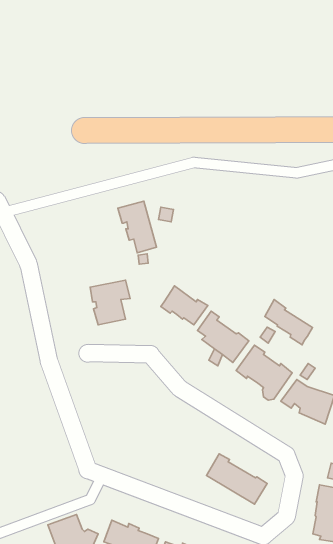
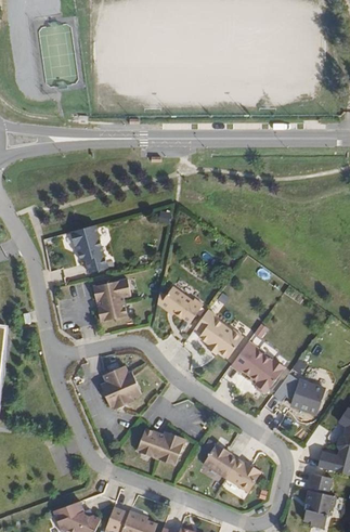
building: [118,201,157,253] -> [69,225,106,274]
building: [265,299,313,345] -> none
building: none -> [102,366,141,407]
building: none -> [138,428,184,465]

